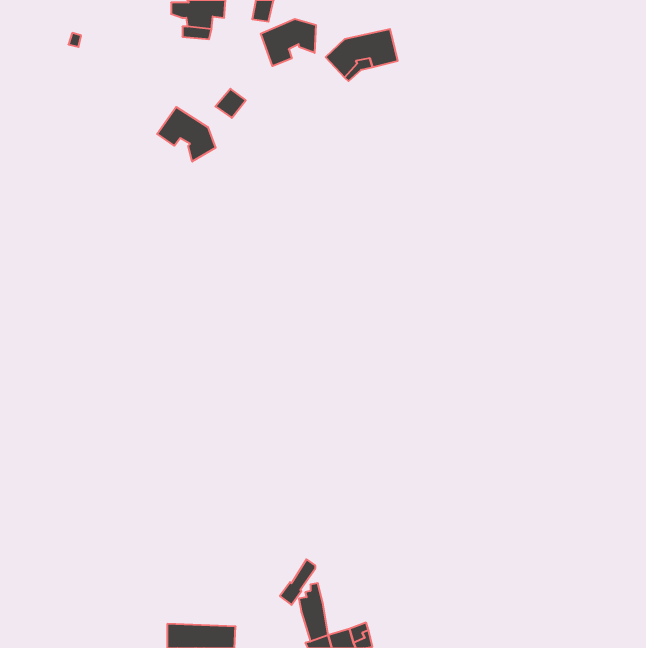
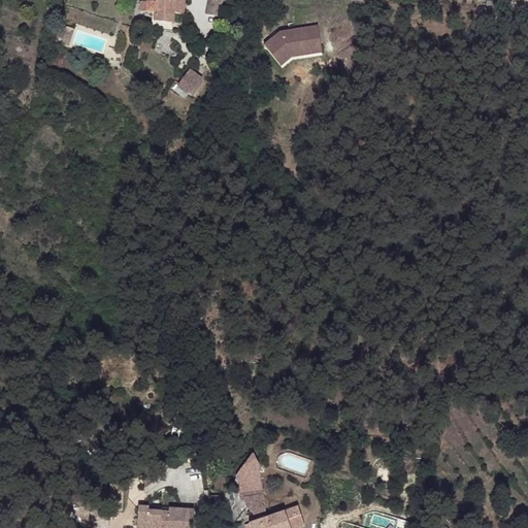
building: [261,19,316,66] -> none
building: [157,107,216,162] -> none

